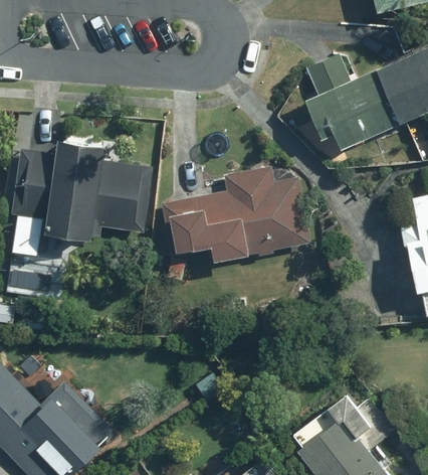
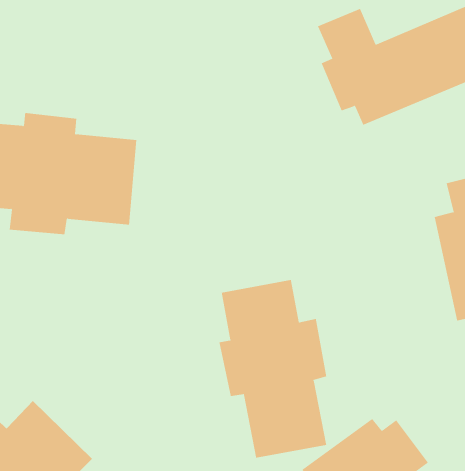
building: [161,162,311,265] -> none
building: none -> [219,279,327,459]

